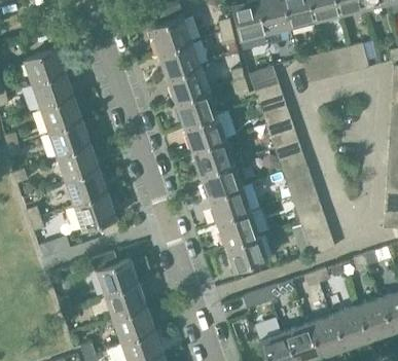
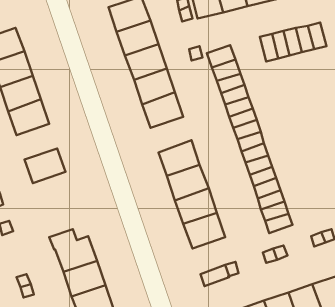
building: [192,139,233,175] -> none
building: [58,146,99,182] -> none
building: [74,194,116,230] -> none

